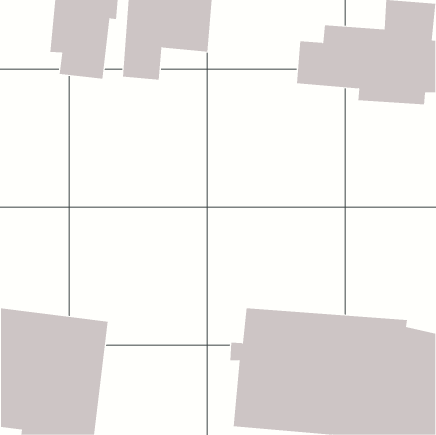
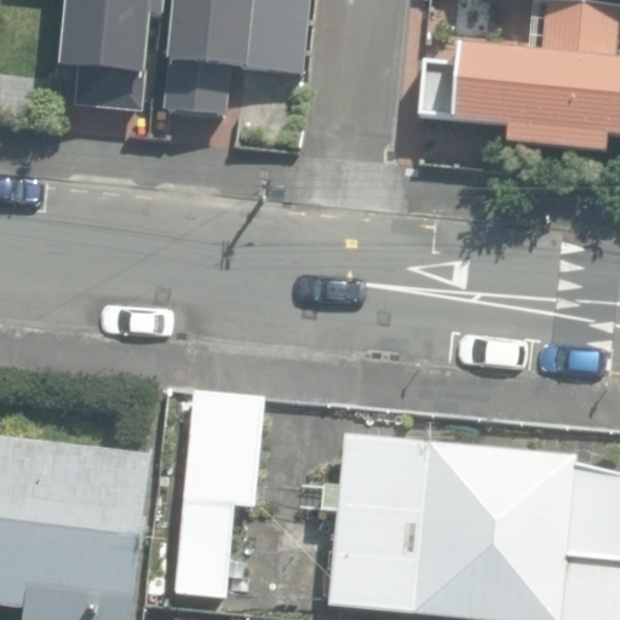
building: none -> [176,389,262,593]

